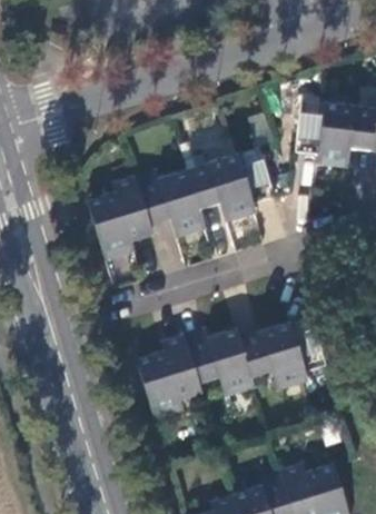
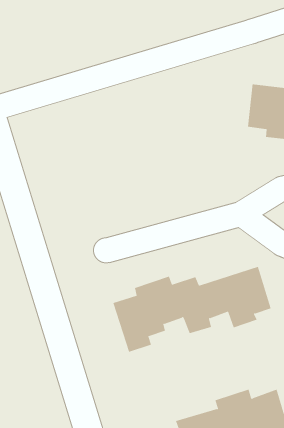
building: [88,149,275,260] -> none

